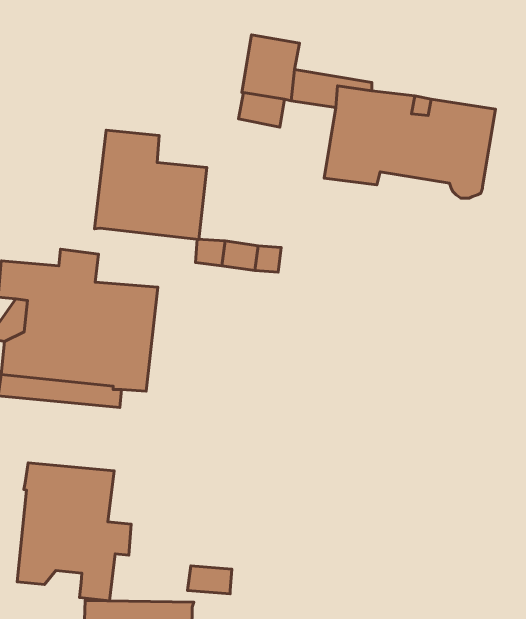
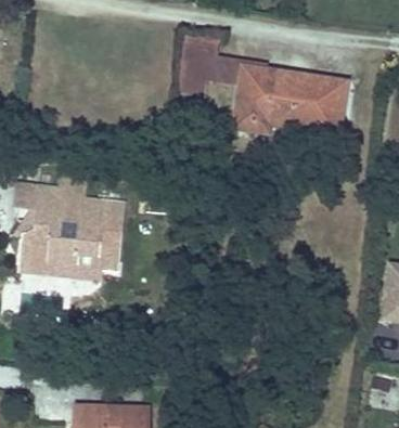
building: [95,130,207,239] -> none
building: [17,463,131,601] -> none

